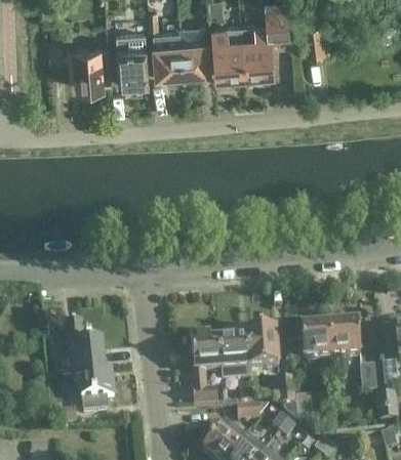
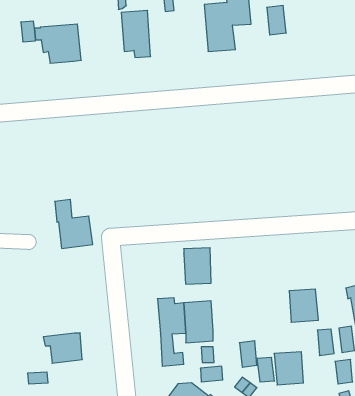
building: [214,25,245,75] -> none
building: [182,27,209,79] -> none
building: [117,40,148,83] -> none
building: [65,322,105,373] -> [55,199,93,248]
building: [302,325,332,360] -> [274,352,303,385]
building: [248,329,277,367] -> [184,248,211,284]

